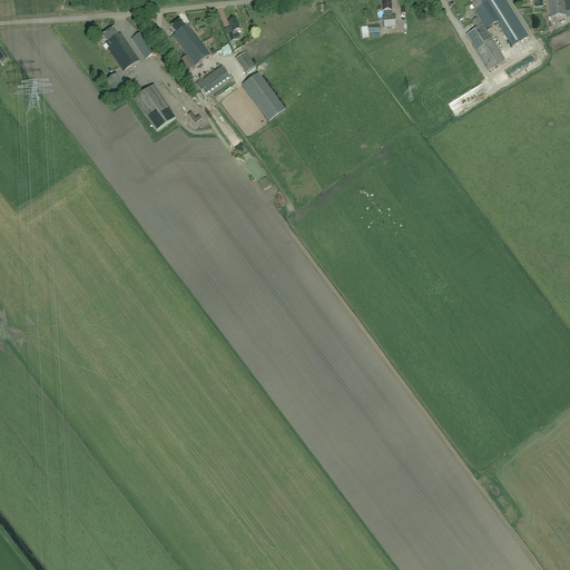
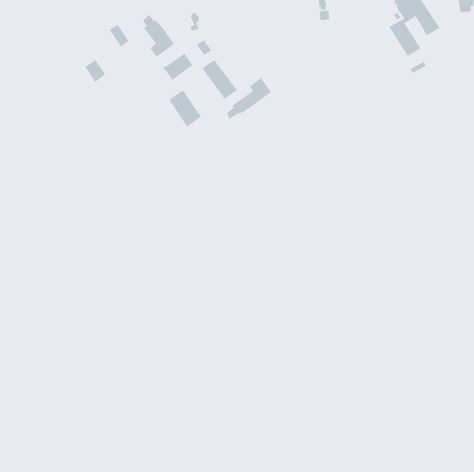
building: [101,24,138,69] -> none
building: [134,82,174,128] -> [168,90,202,128]
building: none -> [226,77,272,120]

